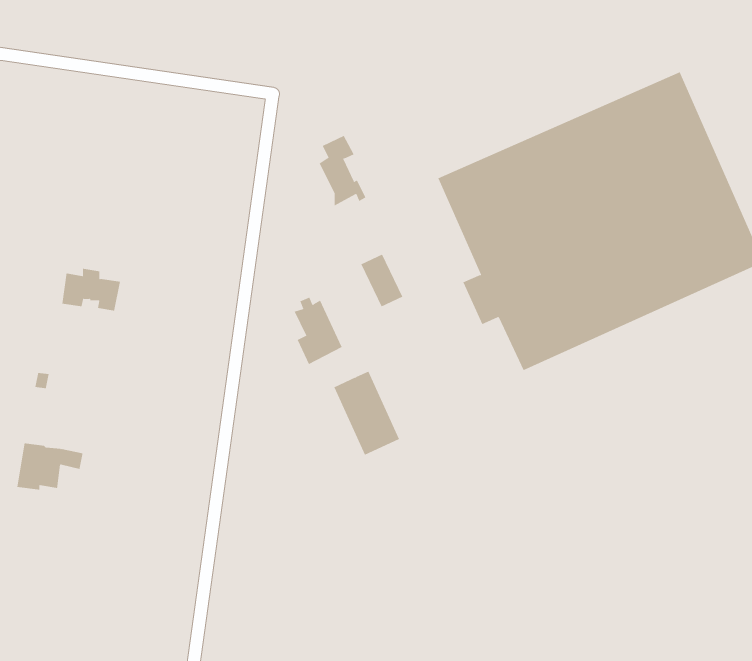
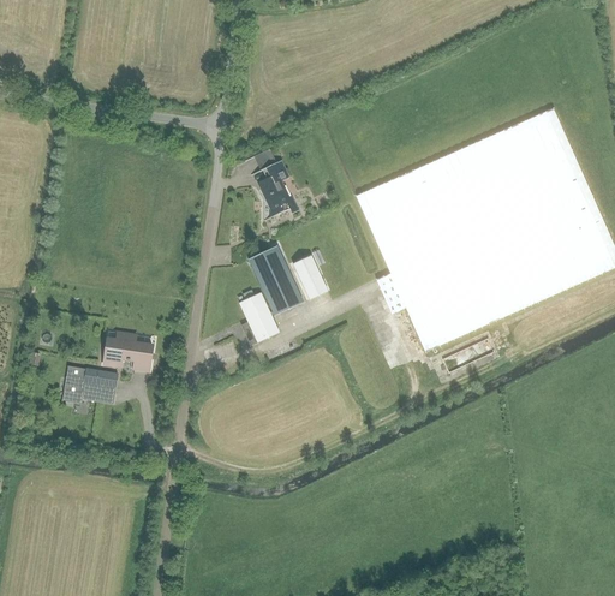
building: [62,268,121,311] -> [105,334,153,369]
building: [333,371,400,455] -> [249,246,303,315]
building: [16,443,83,490] -> [62,365,117,404]

